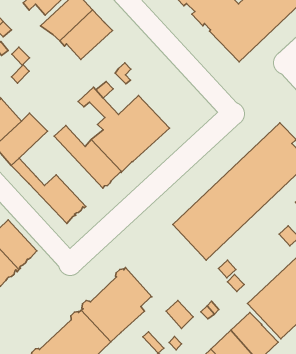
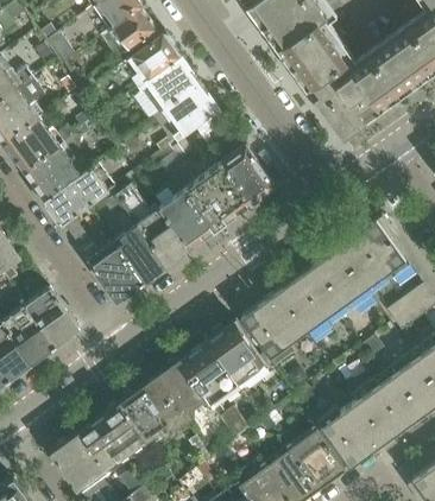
building: none -> [159,82,220,140]
building: none -> [221,144,276,204]
building: none -> [106,195,165,283]
building: none -> [179,321,270,410]

